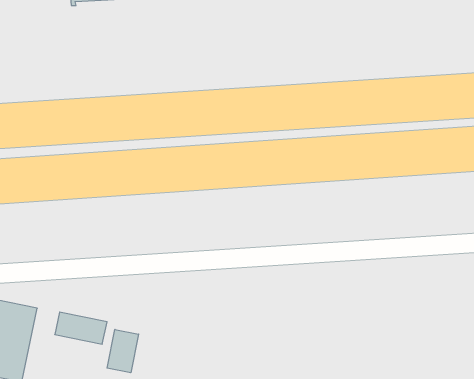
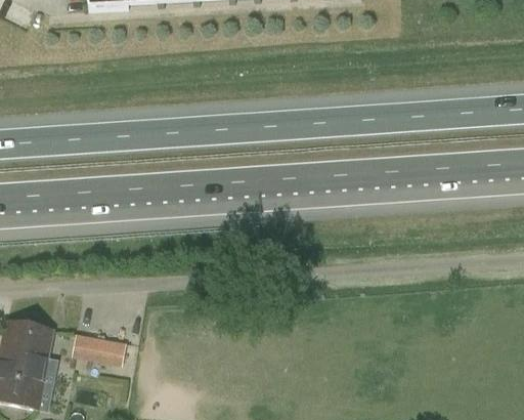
building: [107,329,139,373] -> none

